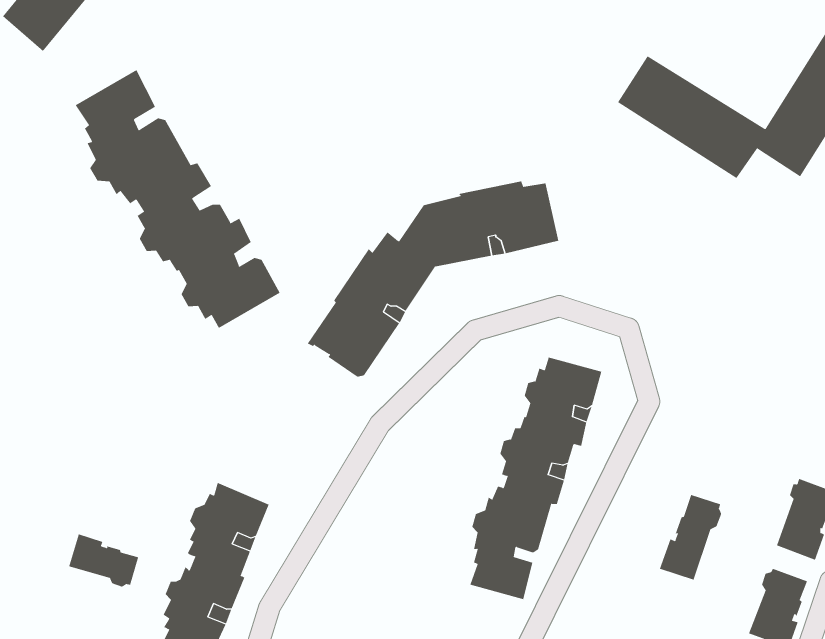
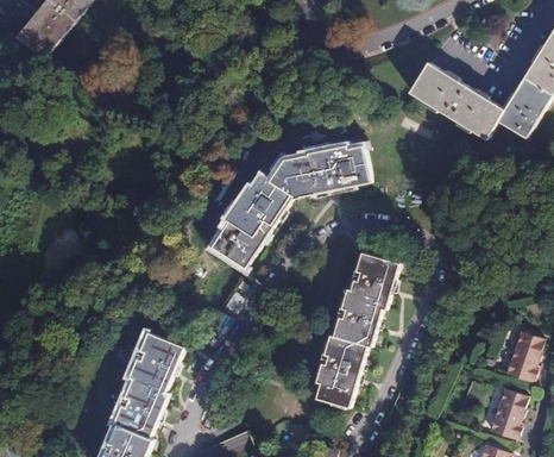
building: [75,69,280,329] -> none
building: [659,494,722,581] -> none
building: [69,534,139,587] -> none

